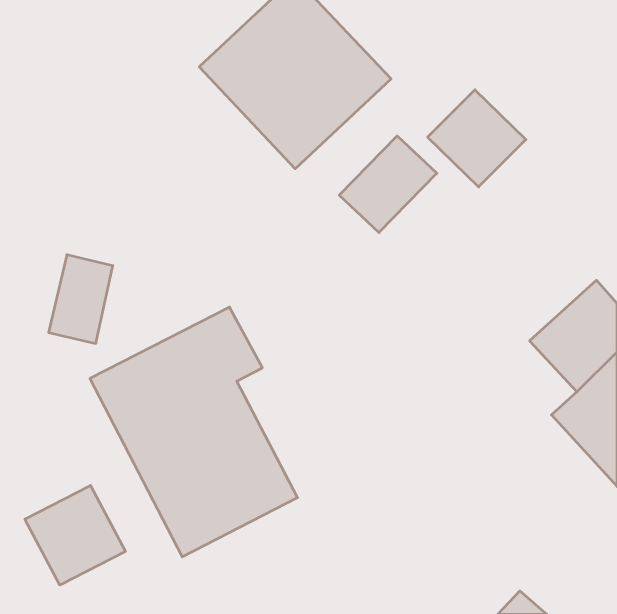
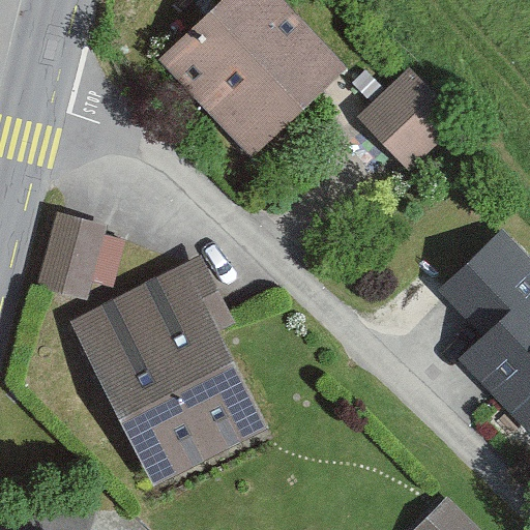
building: [339,136,437,233] -> none
building: [25,485,125,585] -> none

